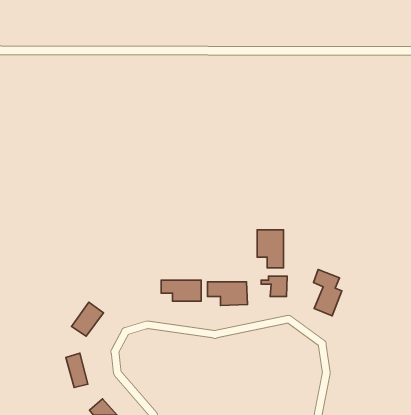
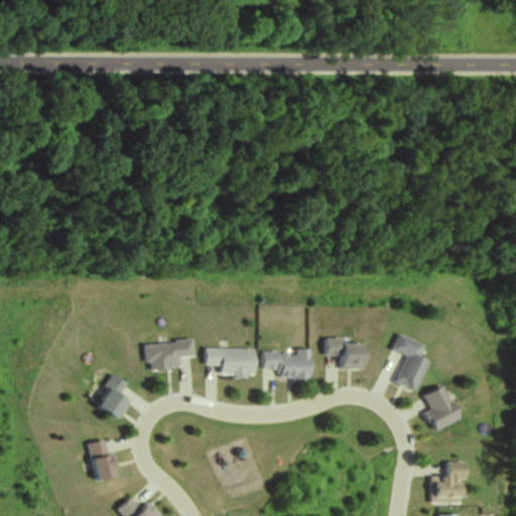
building: [257,230,284,268] -> none
building: none -> [147,341,197,370]
building: none -> [424,386,460,431]
building: none -> [431,461,464,502]

